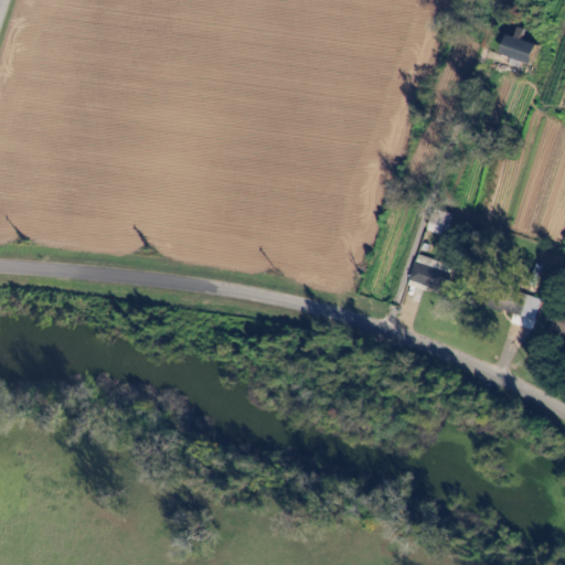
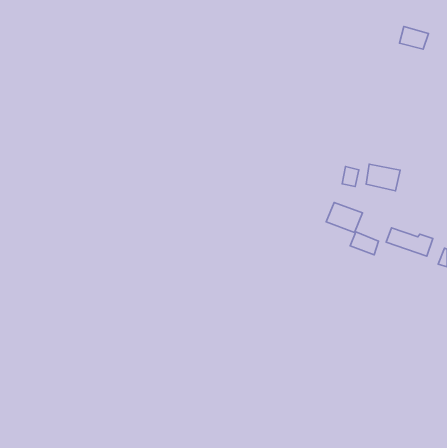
building: none -> [366,164,400,191]
building: none -> [350,232,379,255]

